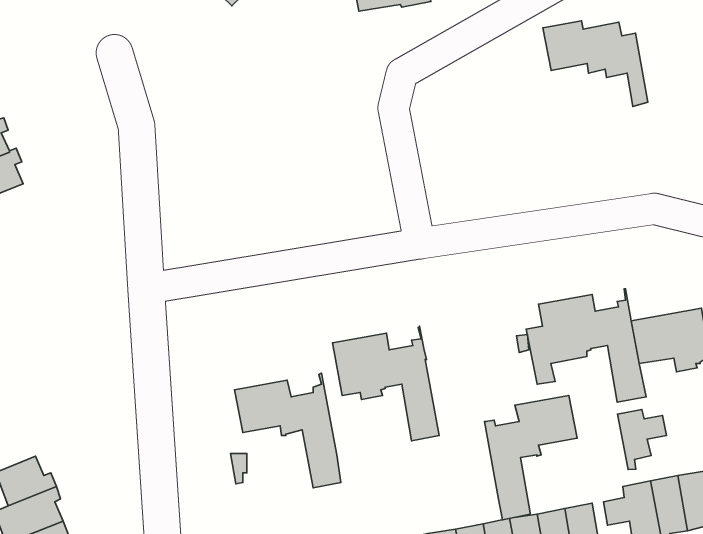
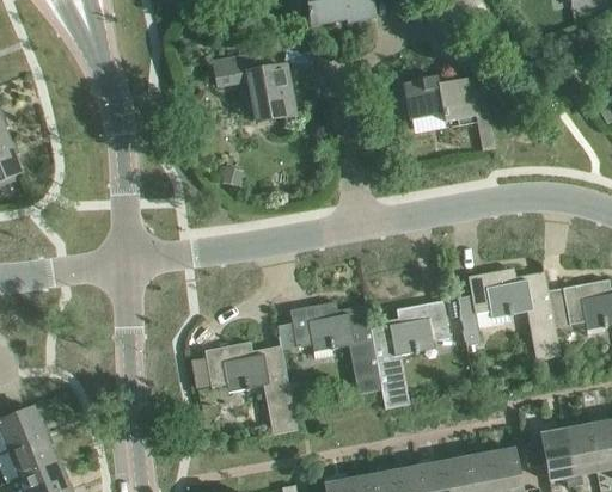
building: [543,21,648,106] -> [404,75,495,149]
building: none -> [213,49,294,119]
building: [485,395,577,520] -> [369,300,449,407]
building: [617,410,666,470] -> none

